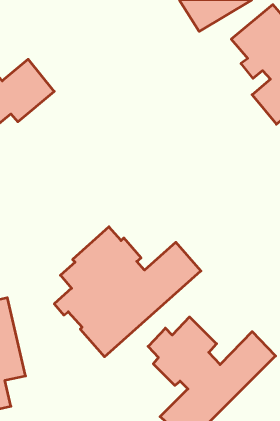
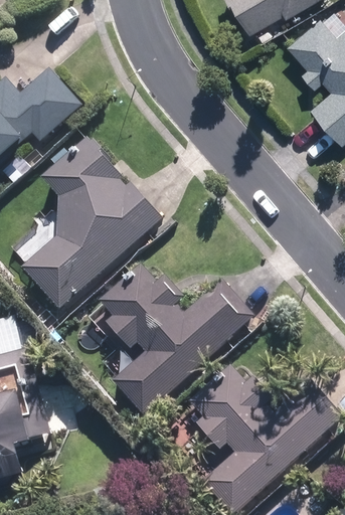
building: none -> [27,137,157,301]

